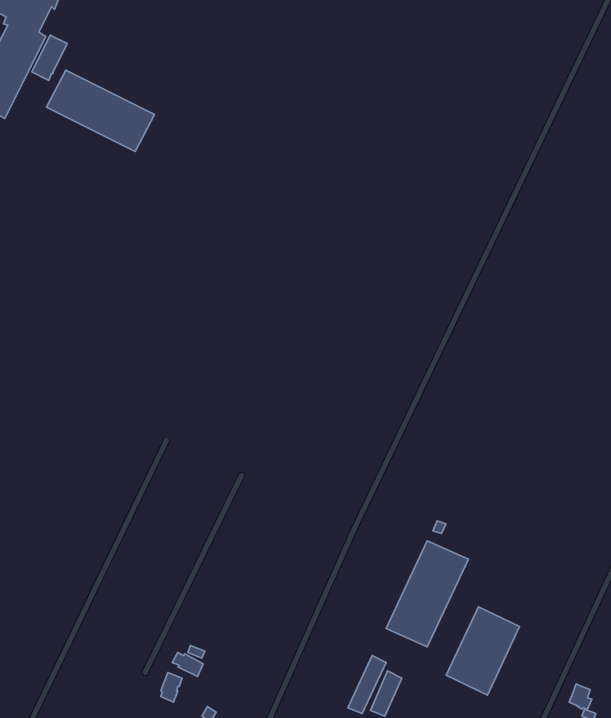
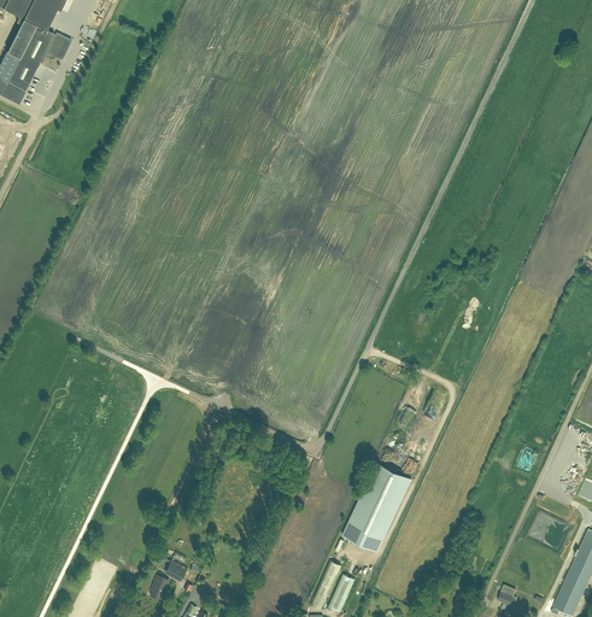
building: [47,70,155,151] -> none
building: [446,607,520,695] -> none

